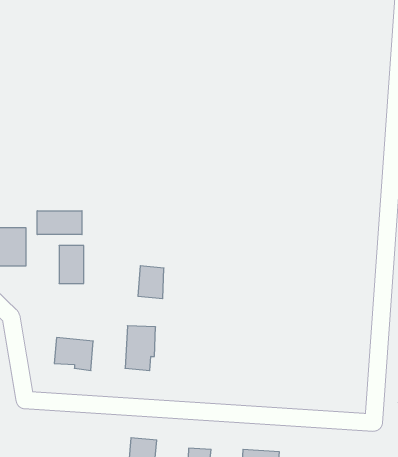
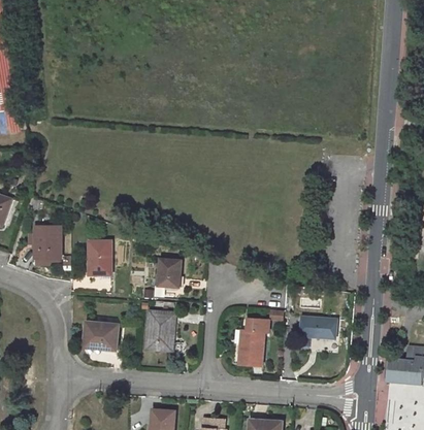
building: [37,211,82,235] -> none
building: none -> [299,317,336,339]
building: none -> [235,319,268,366]

